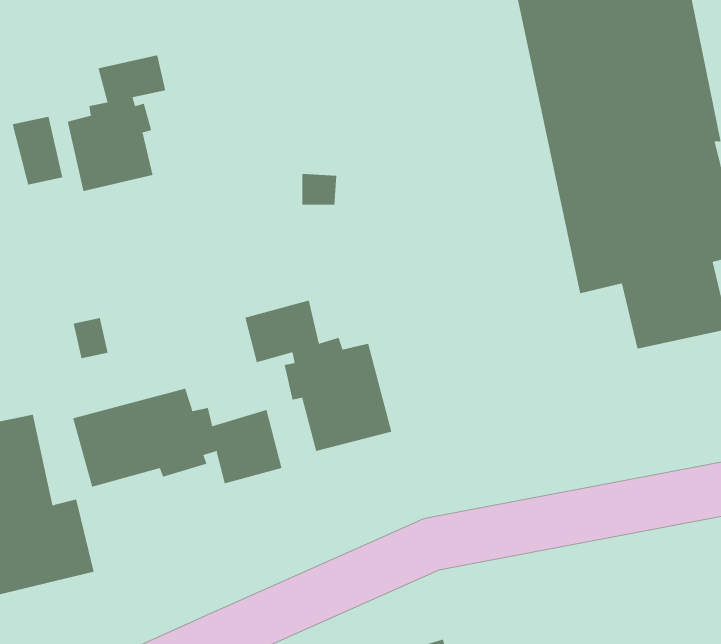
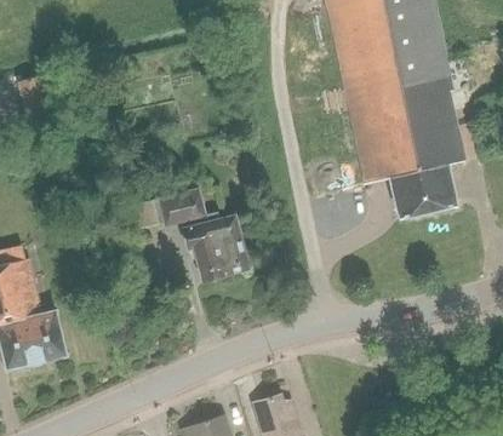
building: [67,55,166,192] -> none
building: [72,388,282,487] -> none

